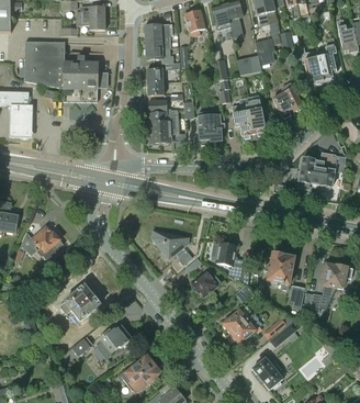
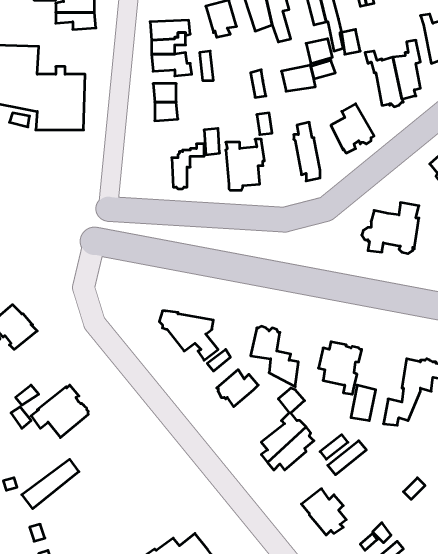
building: [148,99,168,144] -> none
building: [230,104,252,139] -> none
building: [95,324,132,358] -> none
building: [117,355,161,392] -> none

